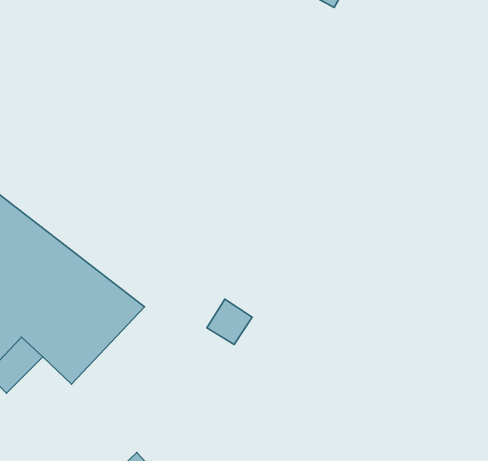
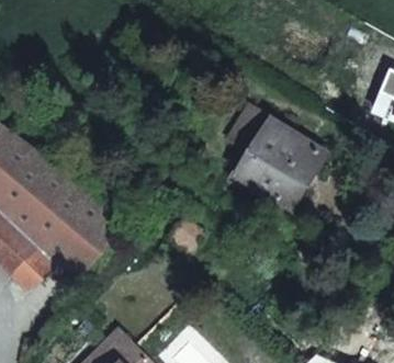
building: none -> [228,103,323,204]

